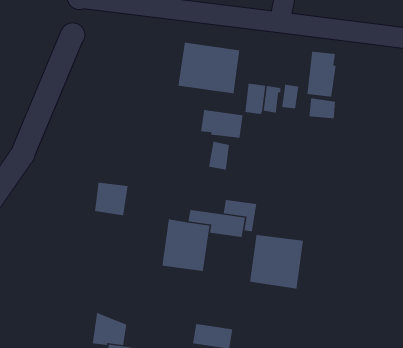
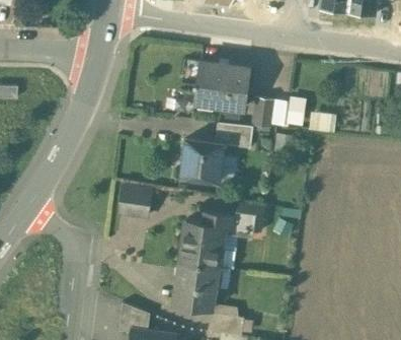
building: [306,51,337,98] -> none
building: none -> [182,139,224,181]
building: [249,234,304,289] -> none
building: none -> [174,262,218,309]

